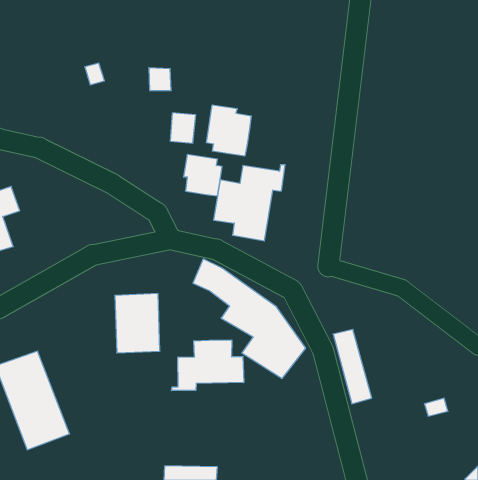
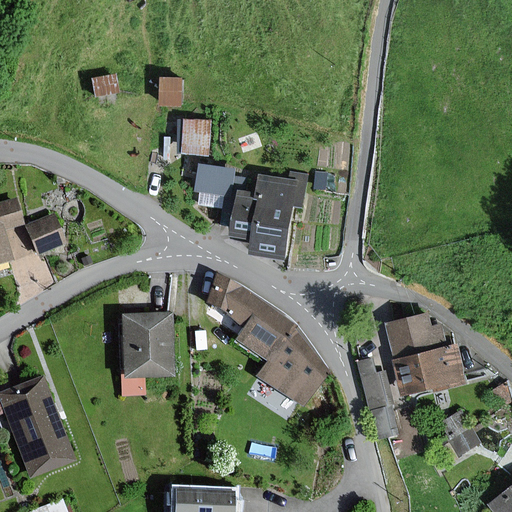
building: [206,105,251,156] -> none
building: none -> [26,218,65,257]
building: none -> [391,316,468,399]
building: [171,340,244,391] -> none

